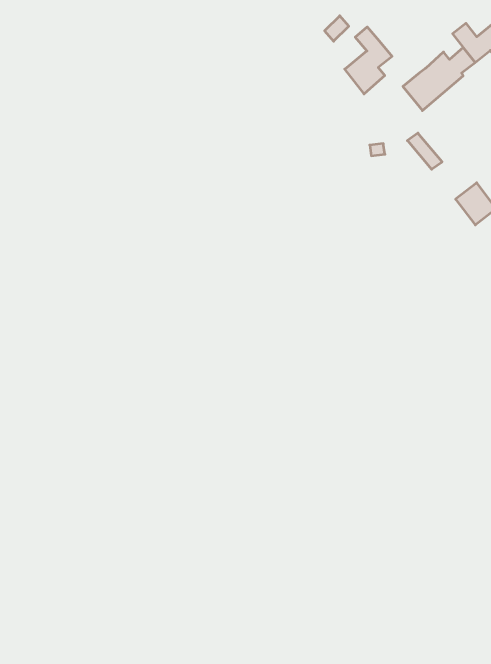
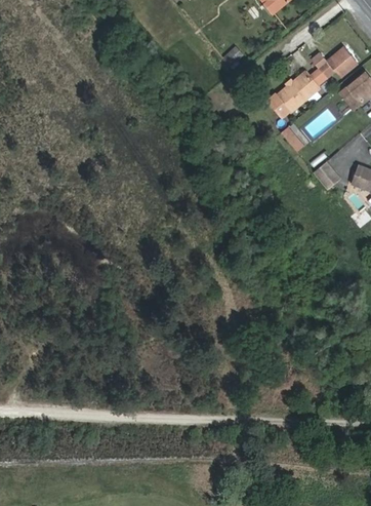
building: [345,27,392,94] -> none

